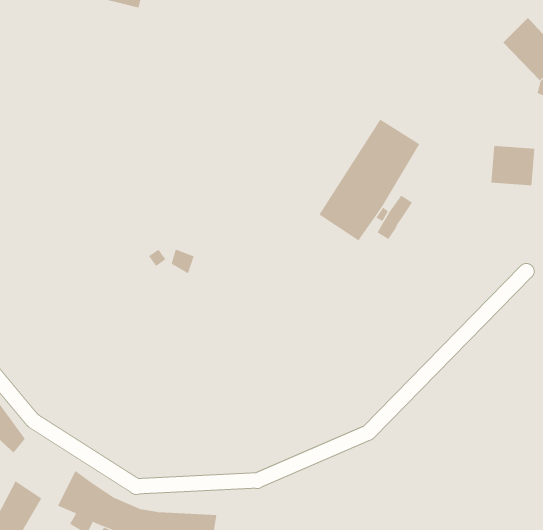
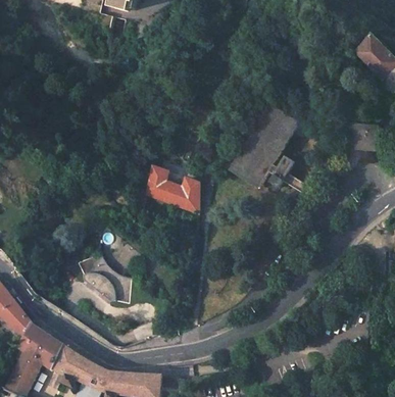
building: none -> [144,165,198,211]
building: none -> [75,251,129,301]
building: none -> [16,321,63,368]

